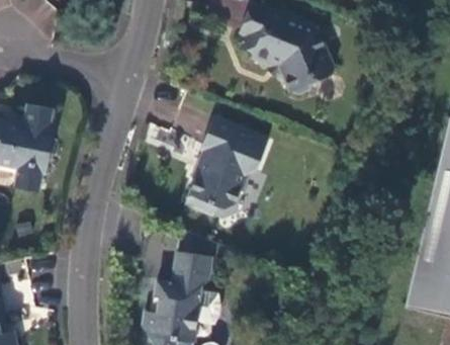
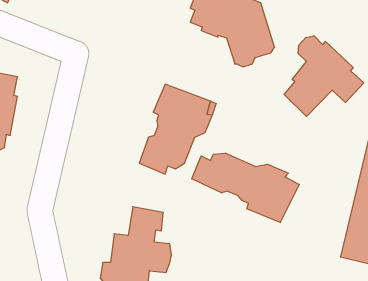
building: none -> [284,36,364,116]
building: none -> [192,153,299,223]

